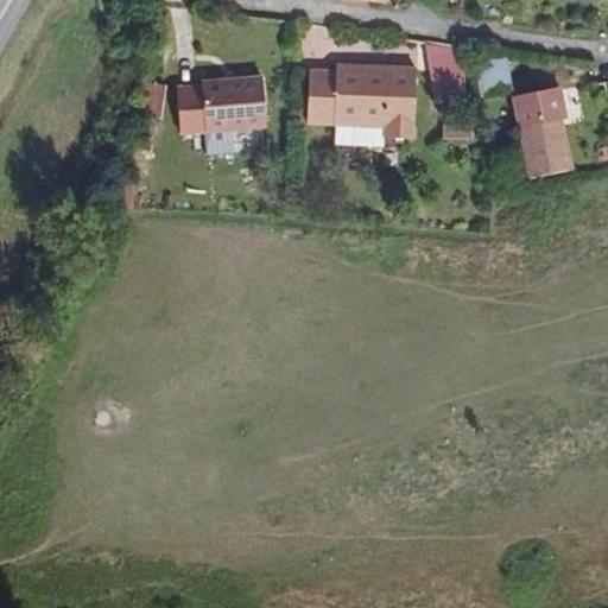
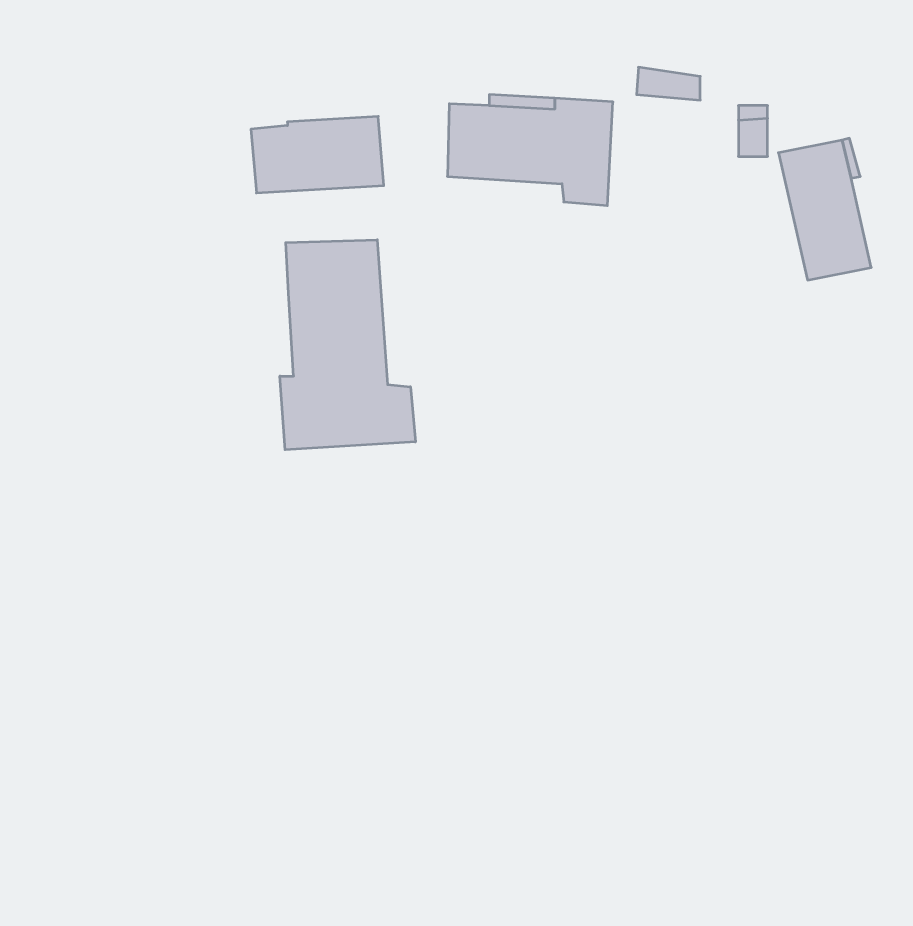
building: none -> [280,240,415,450]

